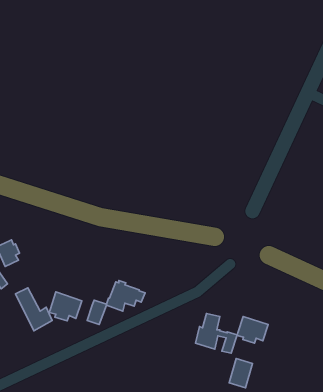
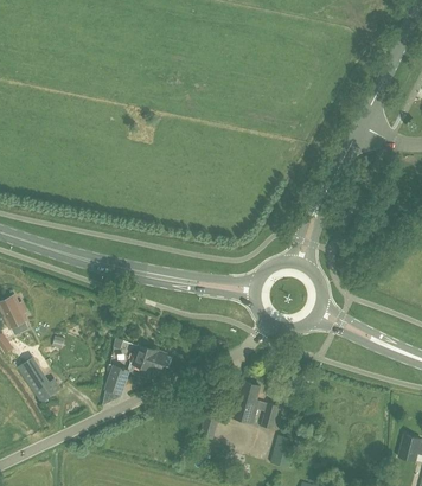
building: [49,292,82,321] -> none
building: [237,317,268,343] -> none

